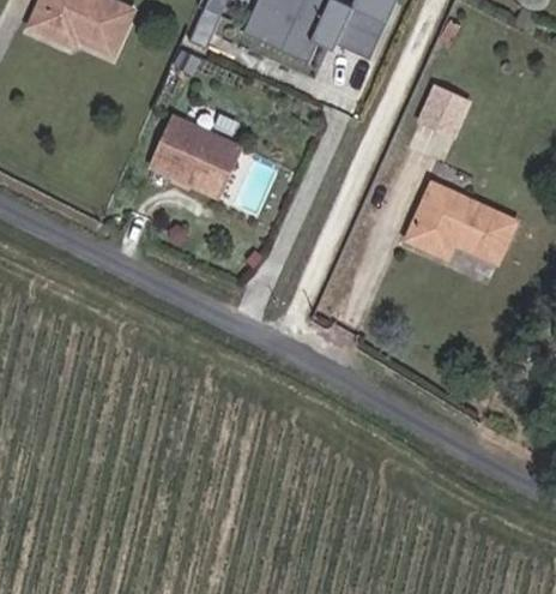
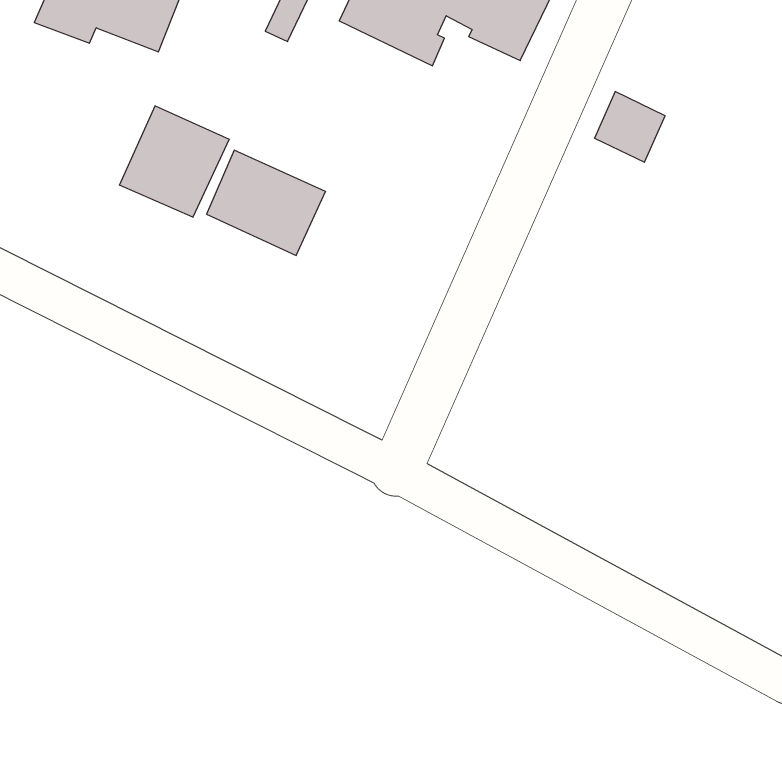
building: none -> [120,106,229,217]
building: [405,184,513,260] -> none

